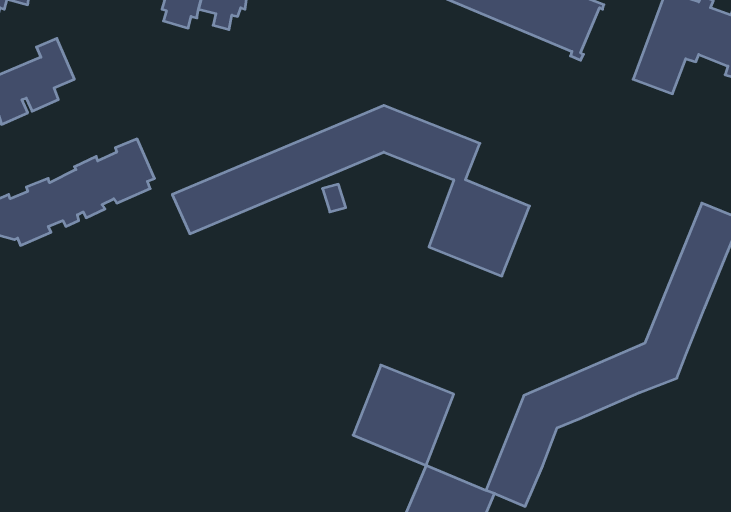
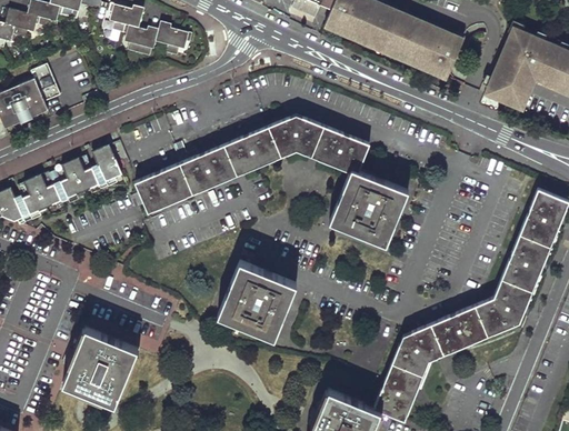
building: [353,365,454,466] -> [218,262,295,339]
building: none -> [63,329,138,405]

